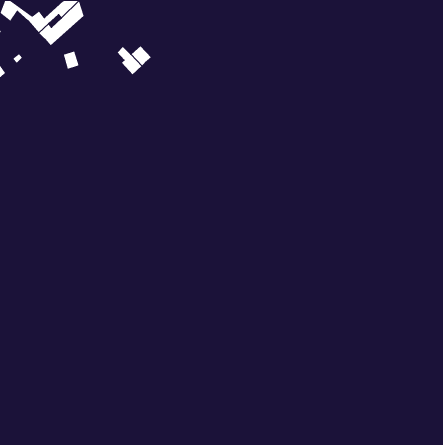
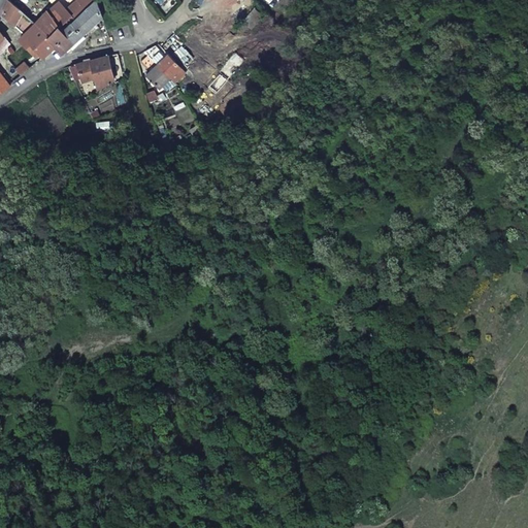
building: none -> [16,26,53,58]
building: none -> [89,56,111,90]

